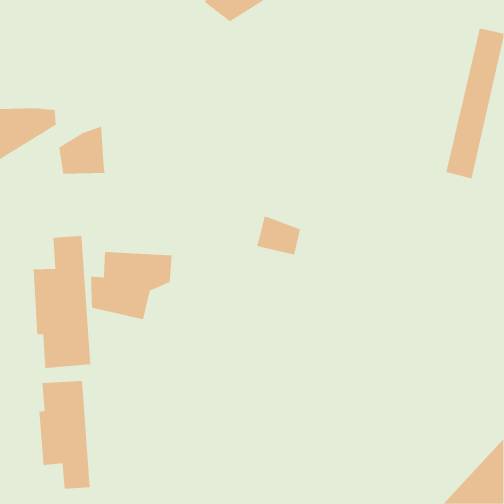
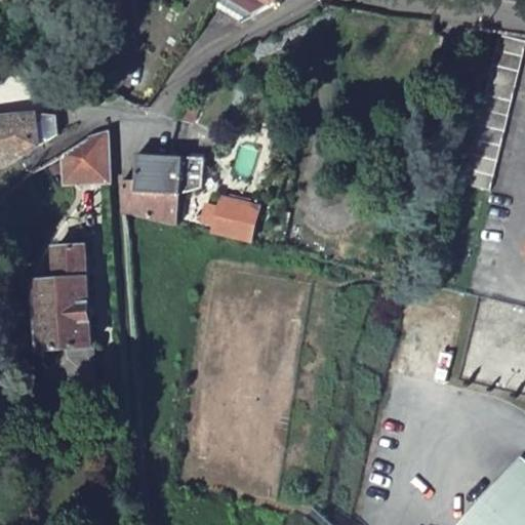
building: [256,215,301,255] -> [212,198,258,239]
building: [90,251,172,320] -> [121,153,206,224]
building: [39,380,90,490] -> none

